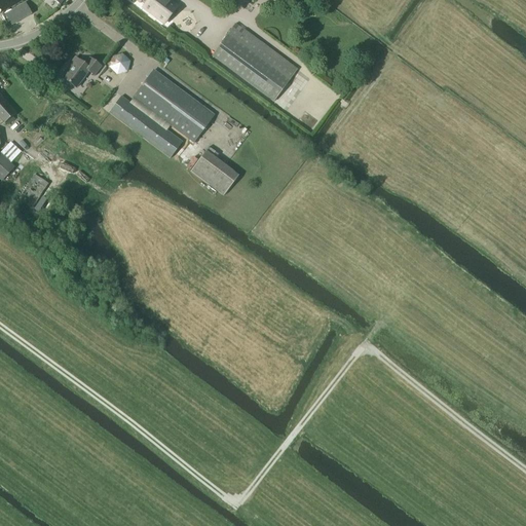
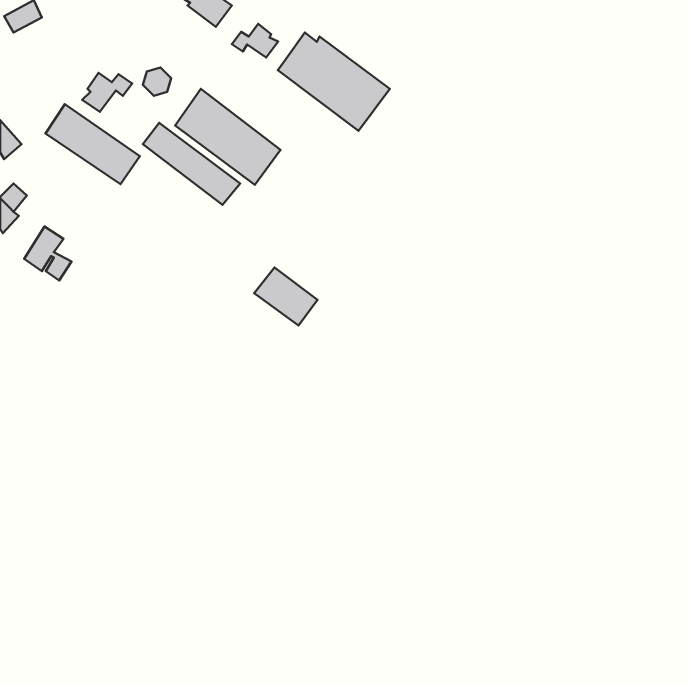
building: none -> [232,24,278,58]
building: none -> [46,104,140,184]
building: [190,149,238,193] -> [254,267,317,325]

